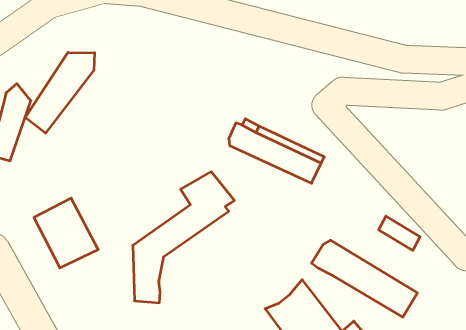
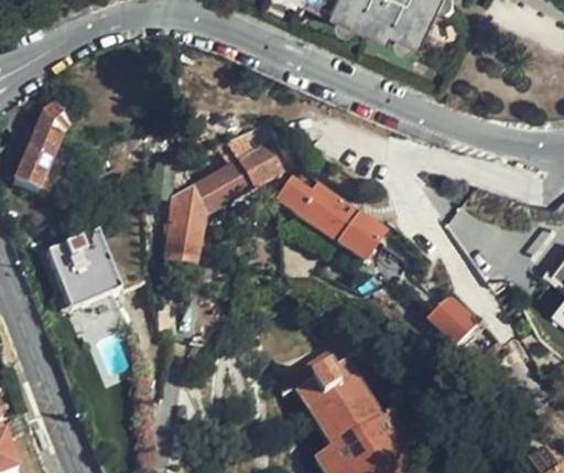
building: [25,52,95,133] -> none
building: [133,172,234,303] -> [164,126,289,265]
building: [312,240,417,317] -> none

